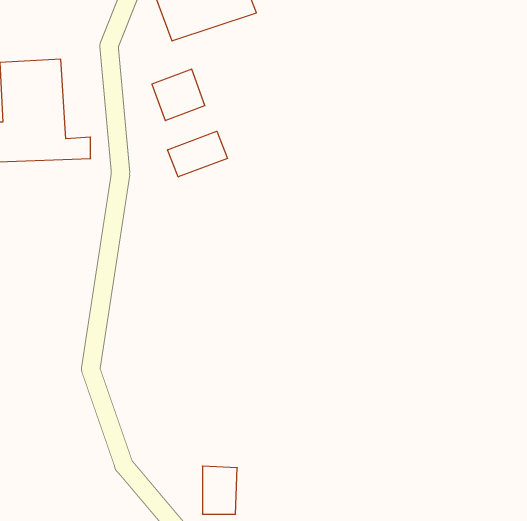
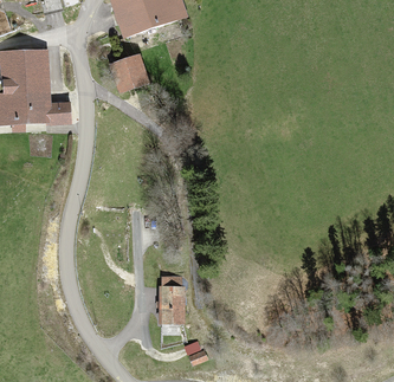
building: [168,131,228,177] -> none
building: [202,466,237,514] -> [160,287,185,322]

